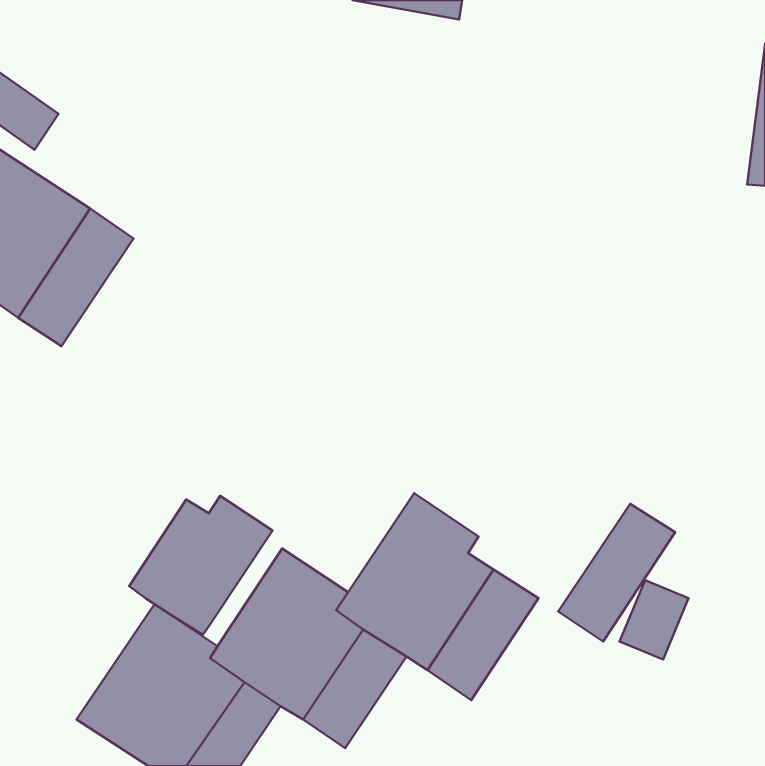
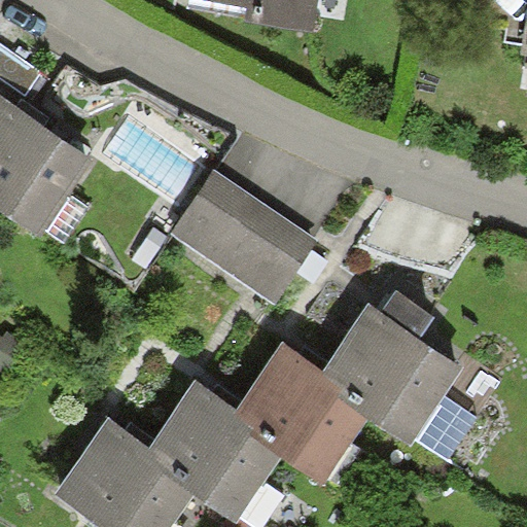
building: none -> [169,173,323,311]
building: none -> [321,305,432,420]
building: [129,496,272,635] -> none

